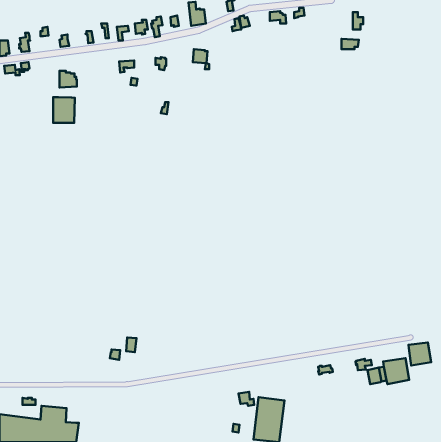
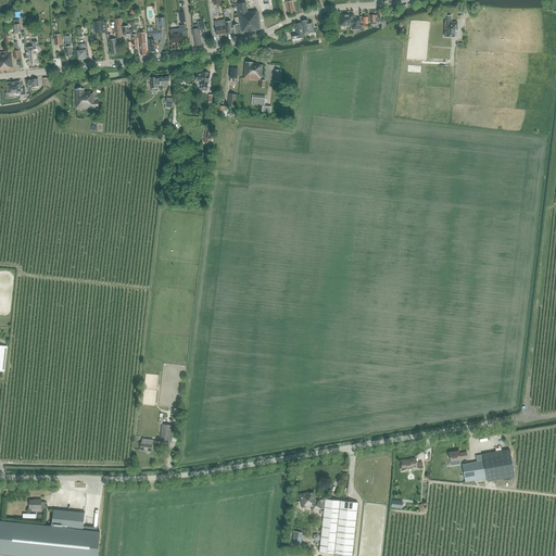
building: [53,97,75,123] -> none
building: [409,343,431,365] -> none

